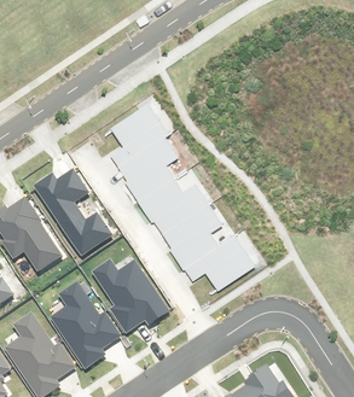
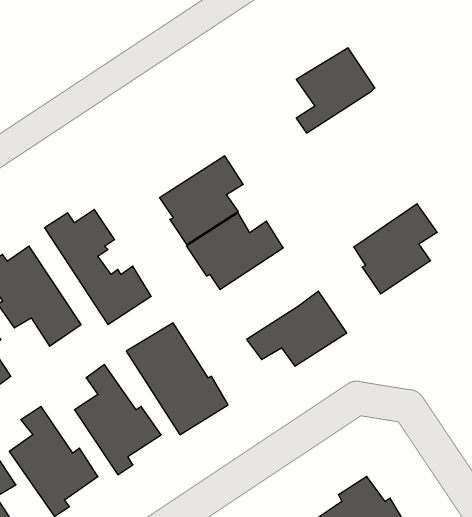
building: [110,103,167,164] -> [296,48,375,133]
building: [159,202,220,267] -> [354,204,437,294]

